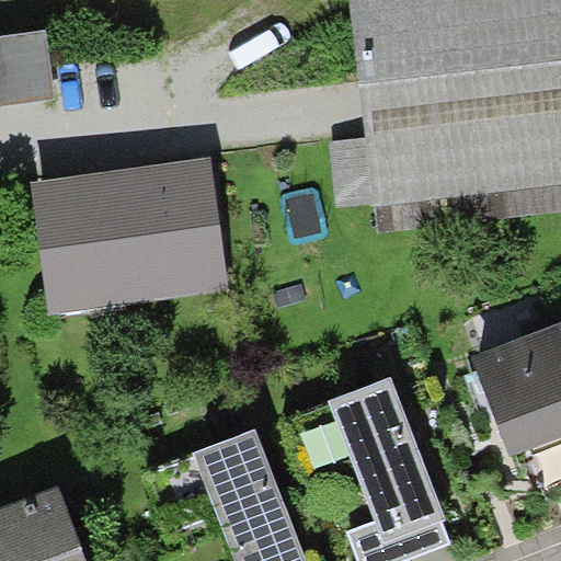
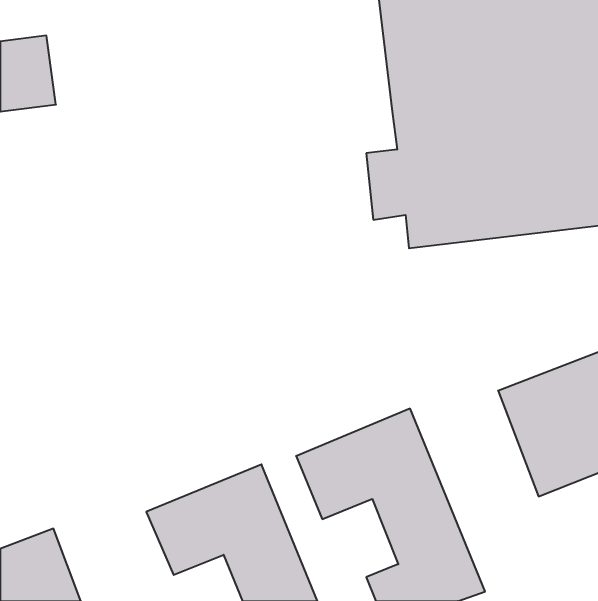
building: [43,163,233,306] -> none

